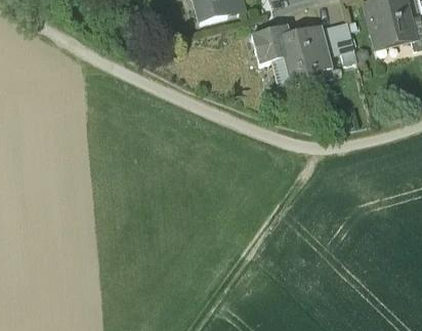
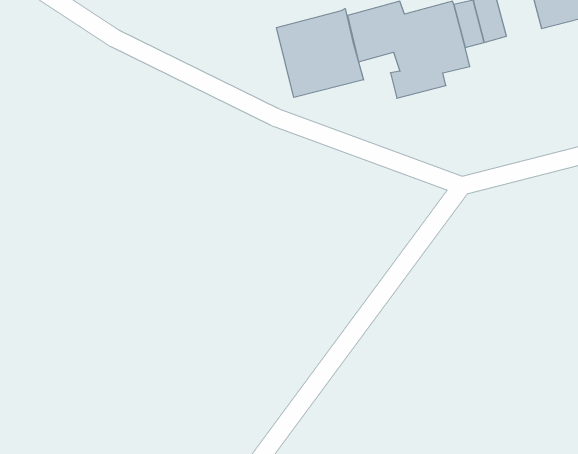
building: none -> [276,9,364,97]

